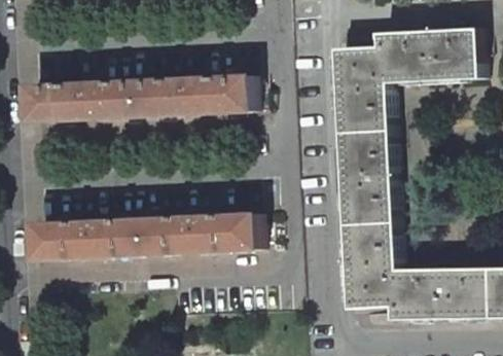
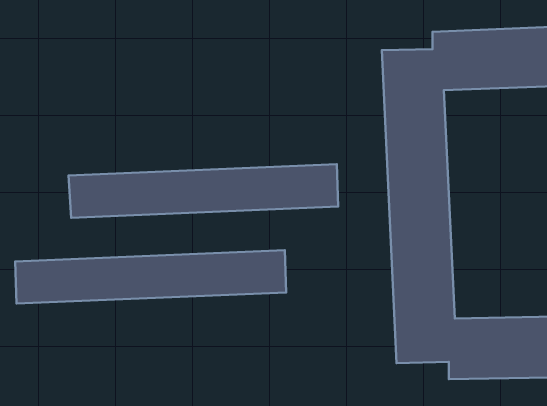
building: [26,75,249,119] -> [69,164,338,218]

